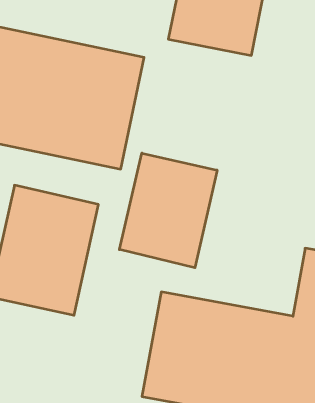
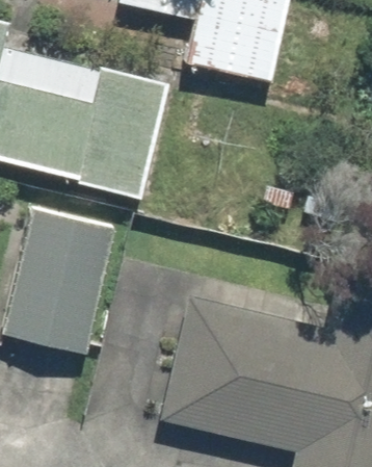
building: [119,153,217,268] -> none

